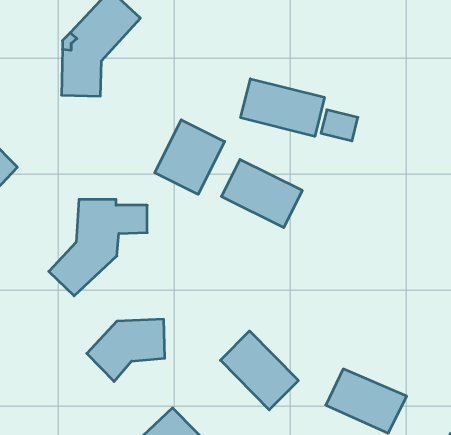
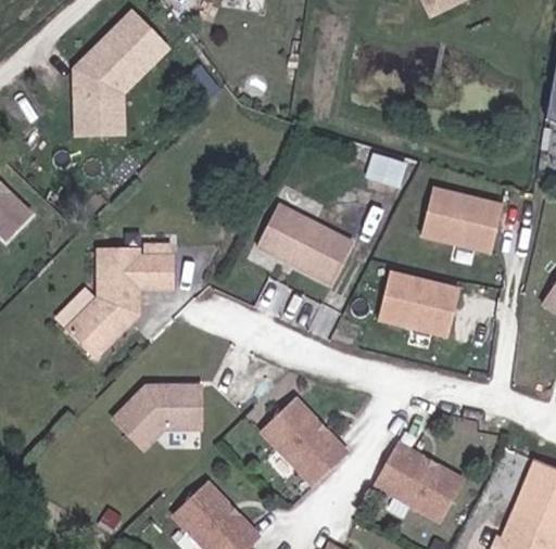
building: [241,79,324,136] -> none
building: [155,120,225,194] -> none
building: none -> [428,189,505,248]
building: none -> [382,266,467,339]

